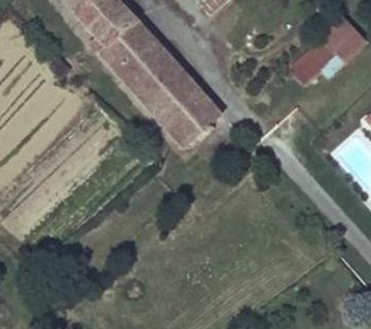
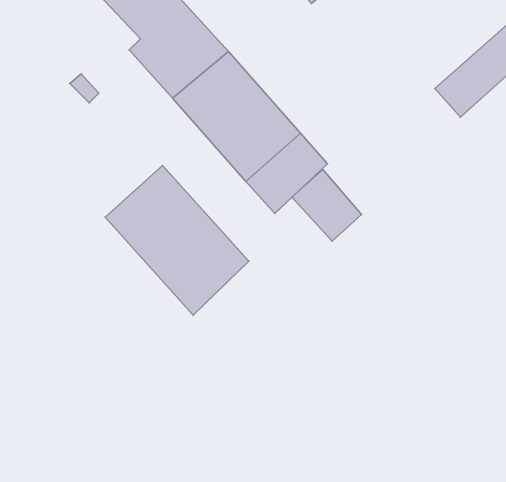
building: none -> [105,165,249,315]
building: none -> [292,169,362,241]

